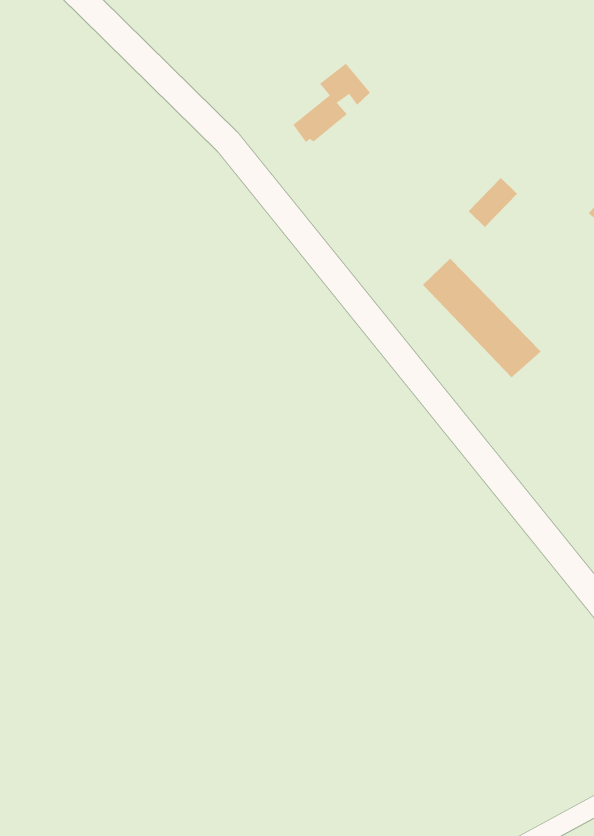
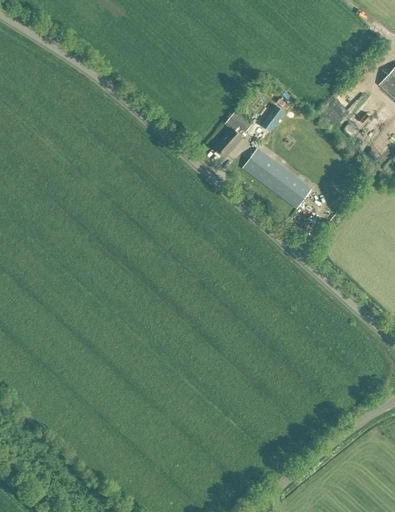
building: [293,63,371,143] -> [214,111,251,155]

